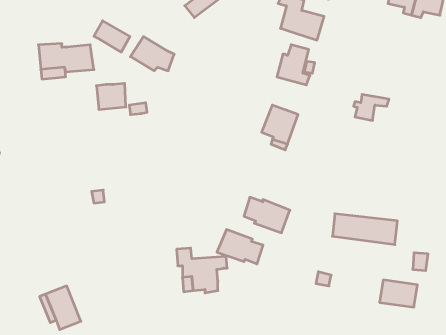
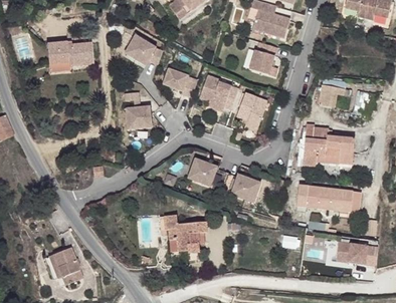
building: [94,21,130,52] -> none
building: none -> [162,68,196,97]
building: none -> [199,74,238,111]
building: [96,83,126,109] -> [126,106,151,128]
building: none -> [303,124,354,167]
building: [217,230,263,264] -> [187,159,226,188]

